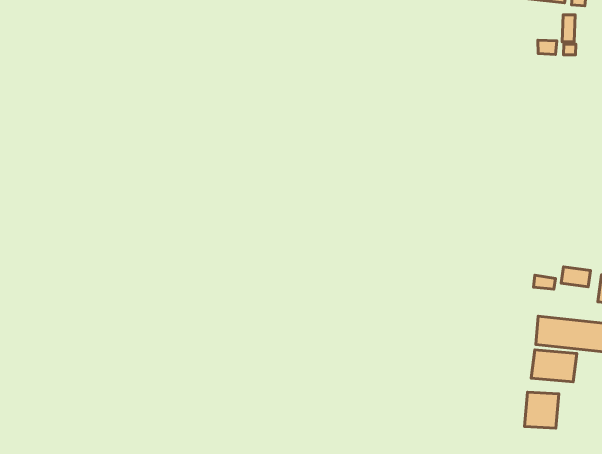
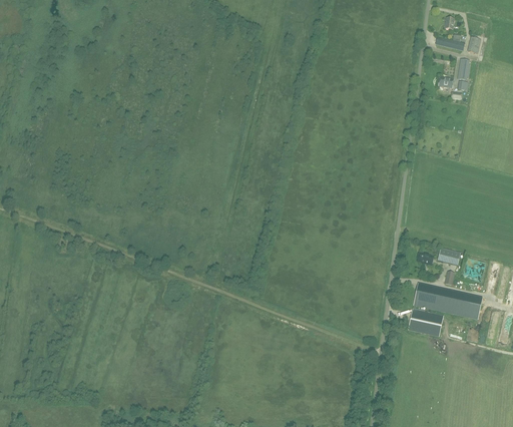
building: [525,392,559,428] -> none

